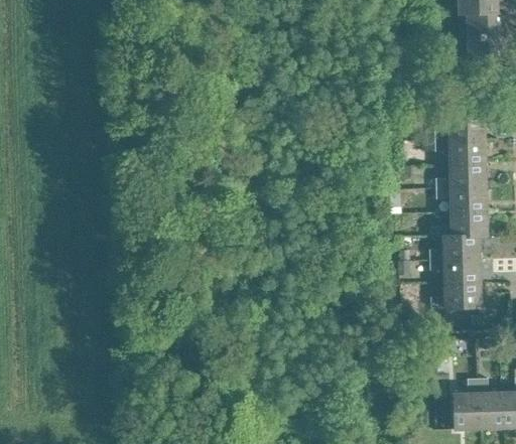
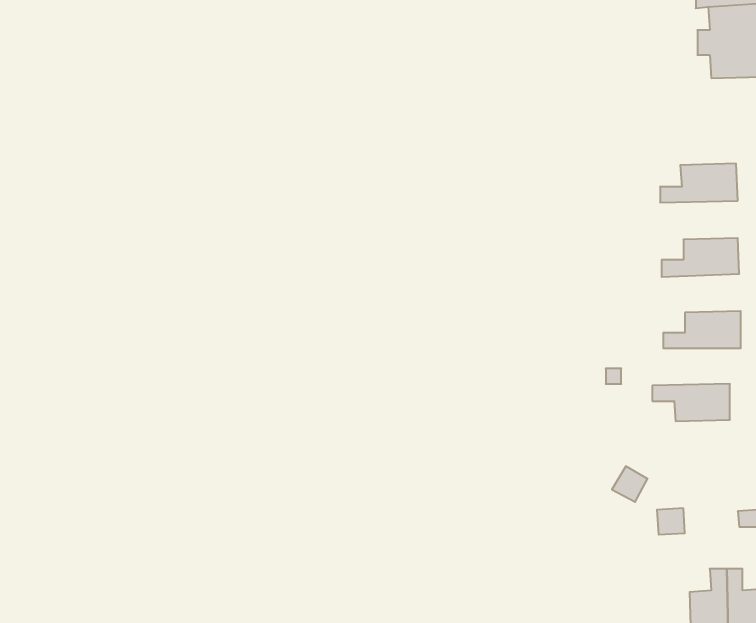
building: [434,140,485,165] -> none
building: [435,187,487,212] -> none
building: [429,236,480,260] -> none
building: [430,282,481,308] -> none

